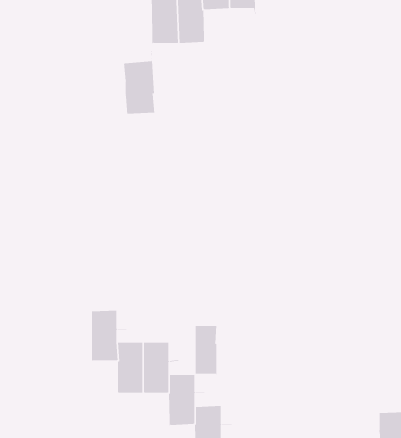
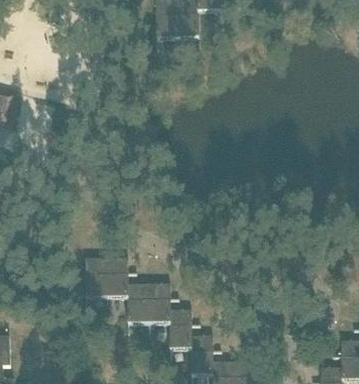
building: [115,50,155,114] -> none
building: none -> [84,256,106,304]
building: [195,325,217,384] -> none

